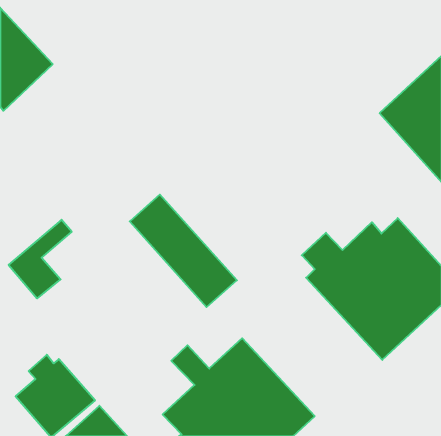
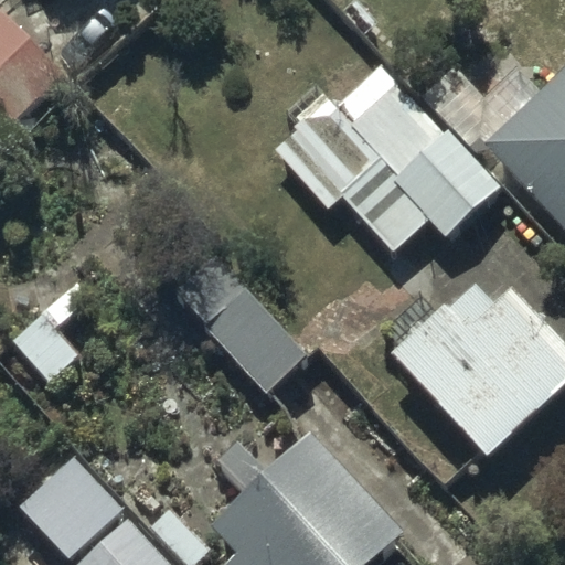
building: none -> [273,64,498,252]

